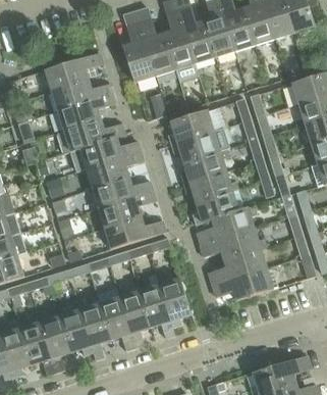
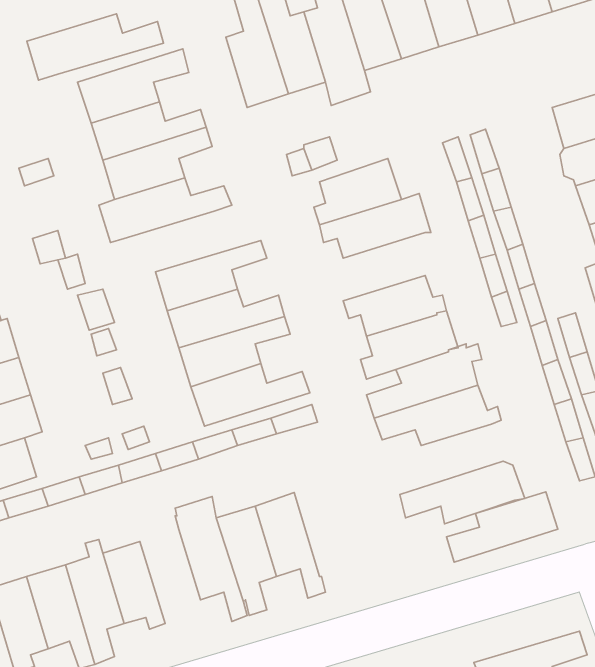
building: [69,137,141,171] -> [27,14,163,80]
building: [180,148,229,184] -> none
building: [209,248,267,285] -> [446,492,558,562]
building: [158,278,192,328] -> none
building: [77,296,109,360] -> none

